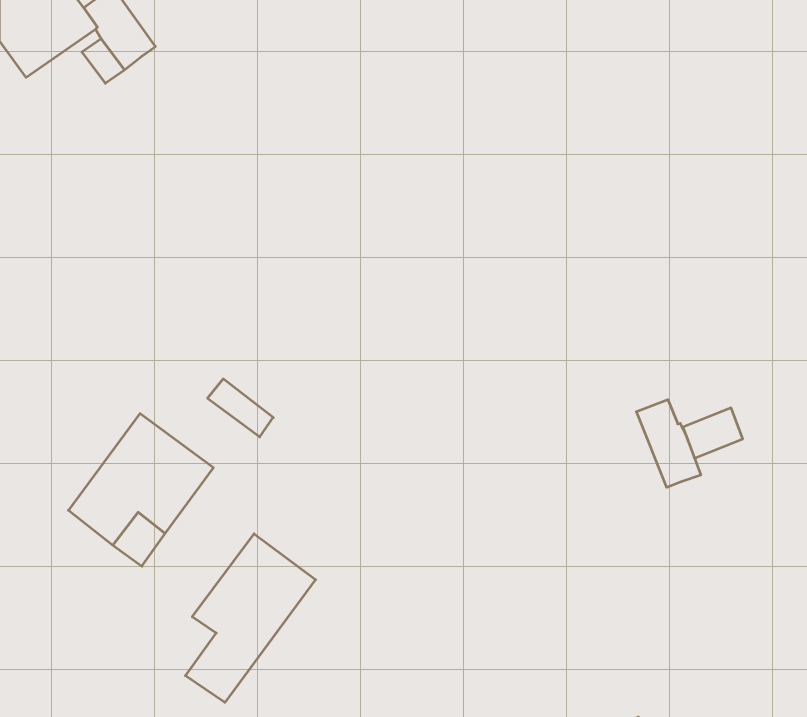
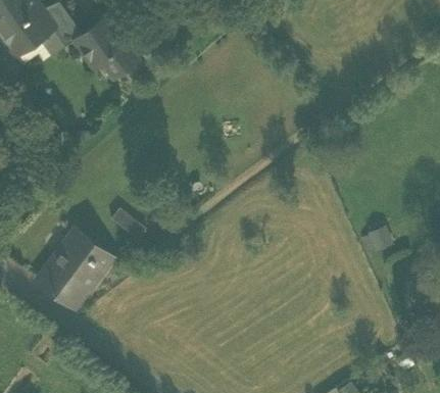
building: none -> [77,23,138,77]
building: [636,400,701,487] -> none
building: [185,534,316,702] -> none

